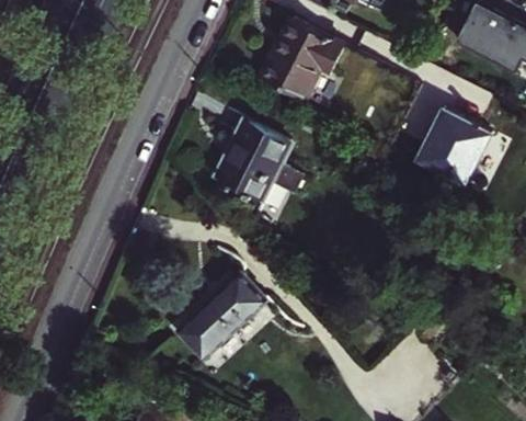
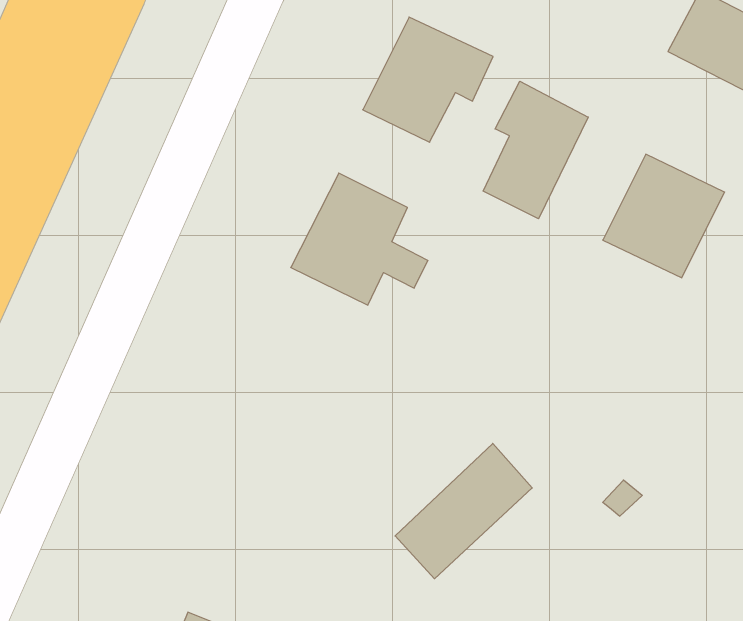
building: none -> [483,81,588,219]
building: [179,273,266,360] -> [395,443,532,579]

